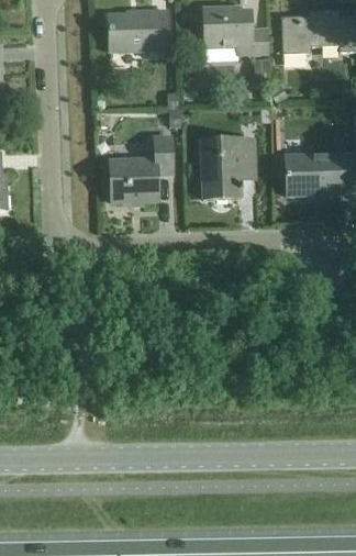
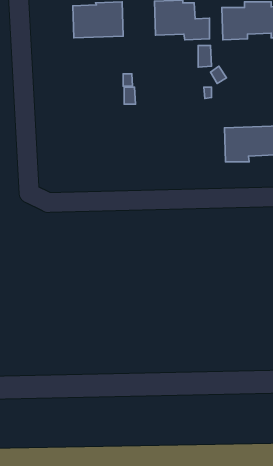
building: [111,135,173,201] -> none
building: [201,137,255,198] -> none

